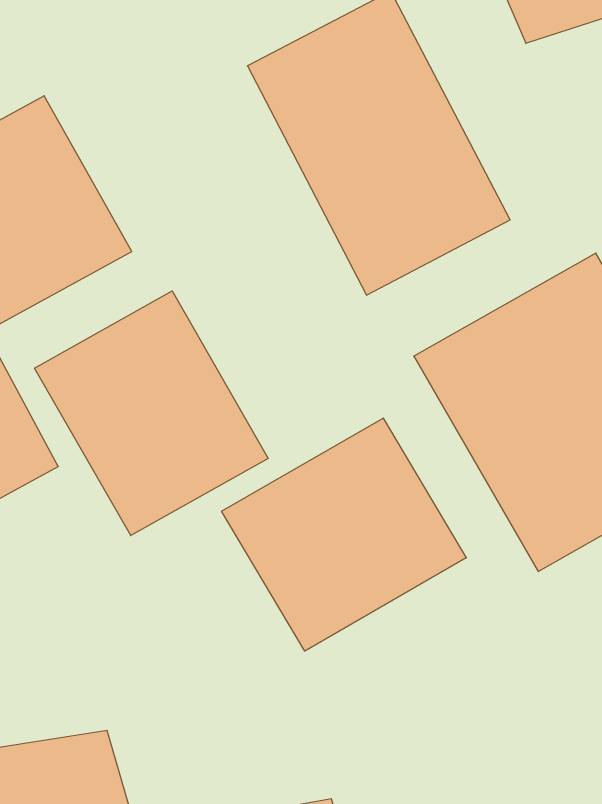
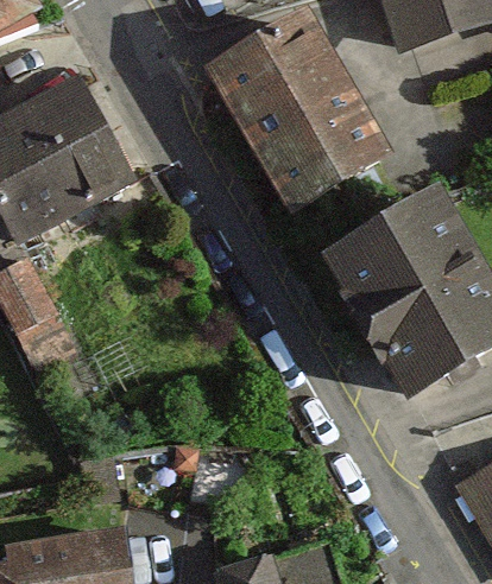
building: [35,291,268,536] -> none
building: [222,418,466,651] -> none

